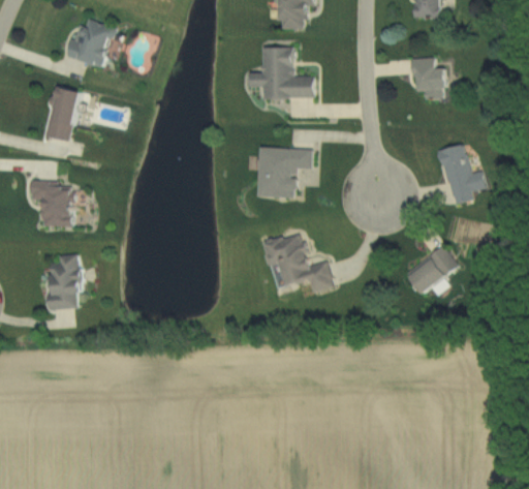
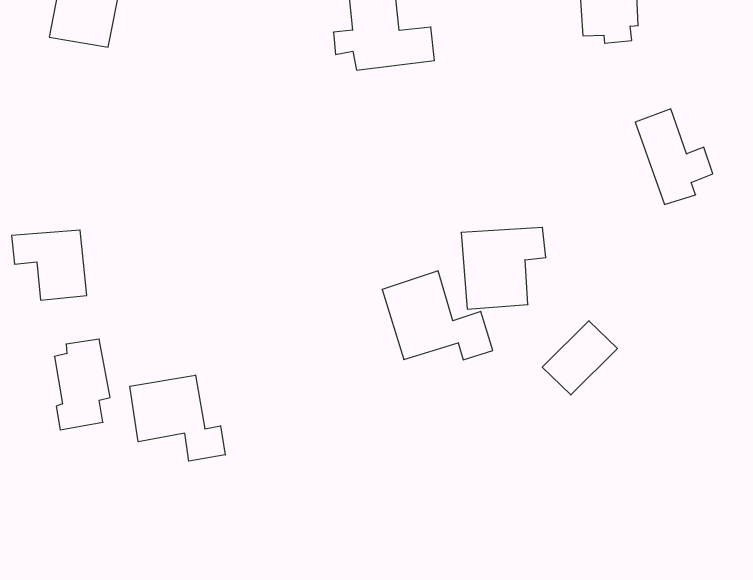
building: [46,86,81,141] -> none
building: [257,147,311,197] -> [461,227,546,309]
building: [406,247,456,294] -> [542,321,617,395]
building: none -> [130,375,225,461]

